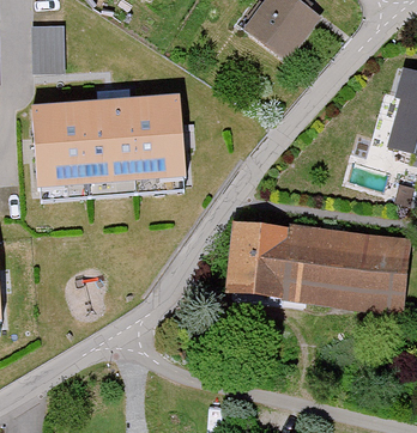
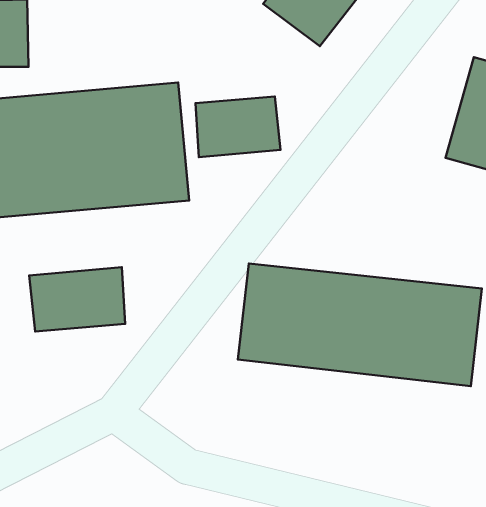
building: none -> [196,96,280,157]
building: none -> [29,267,125,331]

